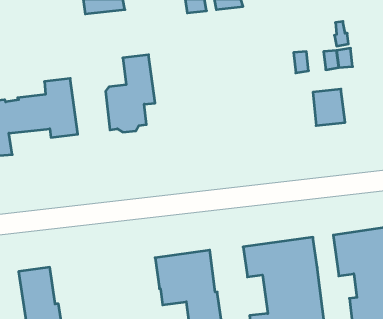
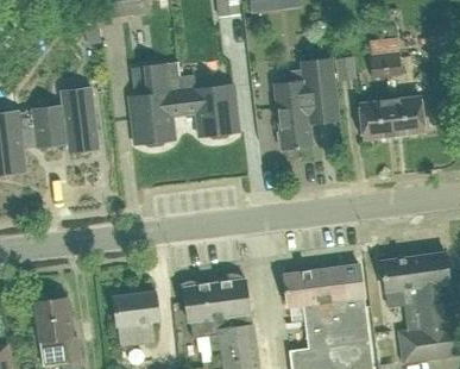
building: none -> [272,57,340,149]
building: none -> [176,61,239,139]
building: none -> [389,95,424,136]
building: none -> [112,289,158,345]

